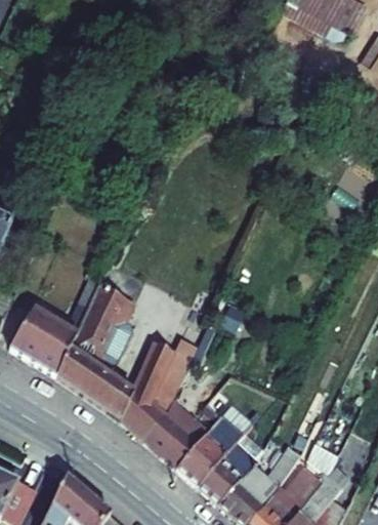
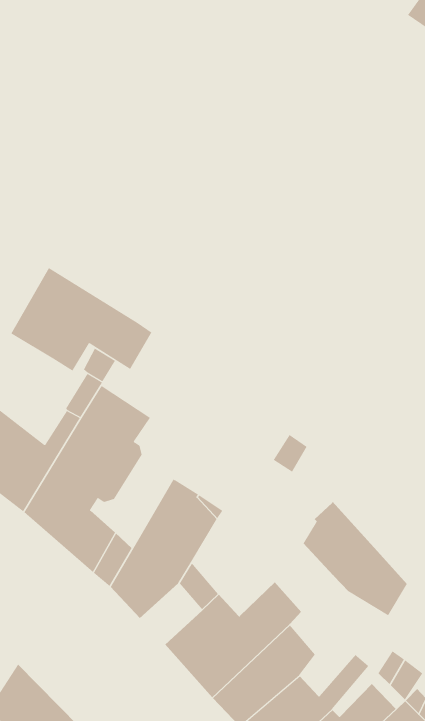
building: none -> [10,267,152,371]
building: none -> [303,501,407,616]
building: [143,411,184,453] -> none

